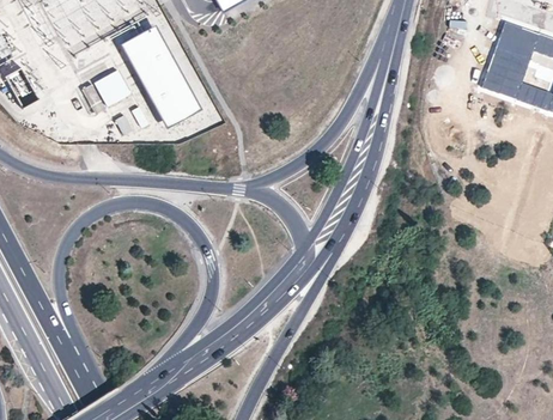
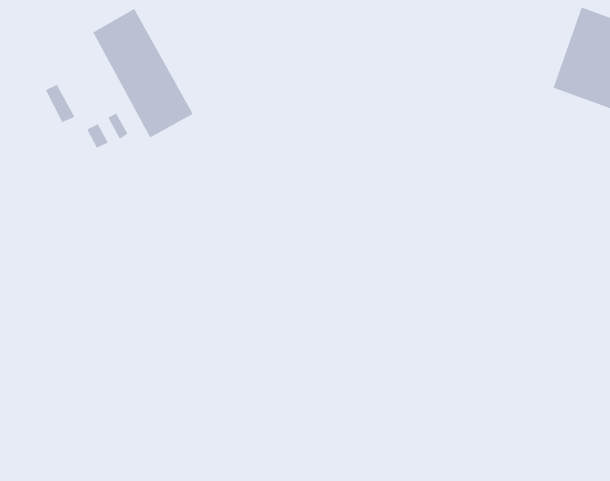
building: [95,68,130,105] -> none

